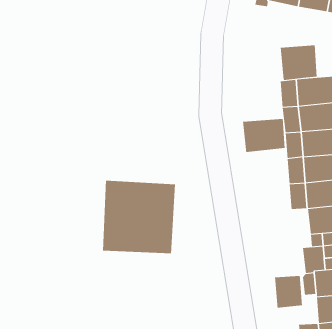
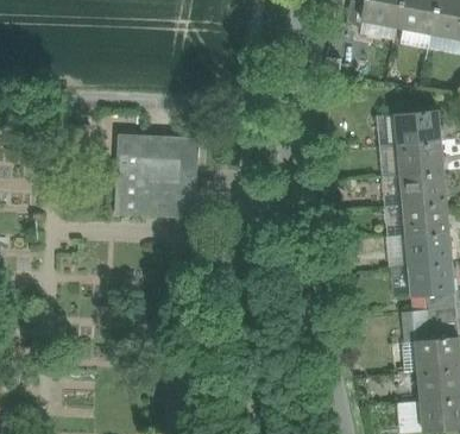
building: [280,45,317,81] -> none
building: [243,118,285,153] -> none
building: [102,180,176,254] -> [115,132,202,219]
building: [275,275,302,308] -> none

